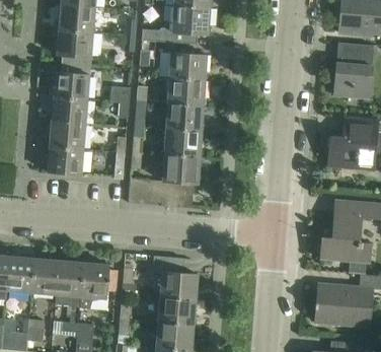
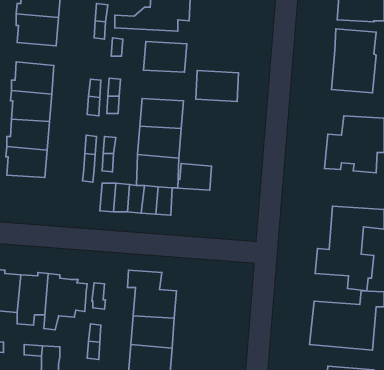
building: [166,78,204,105] -> [196,71,238,101]
building: none -> [178,163,211,190]

